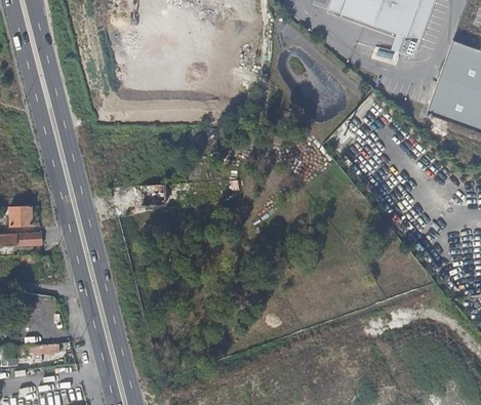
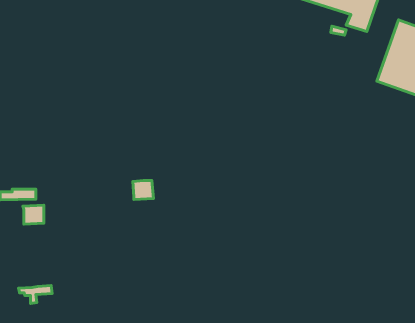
building: [141,184,164,205] -> [133,181,154,199]
building: [8,204,32,226] -> [23,205,44,224]

